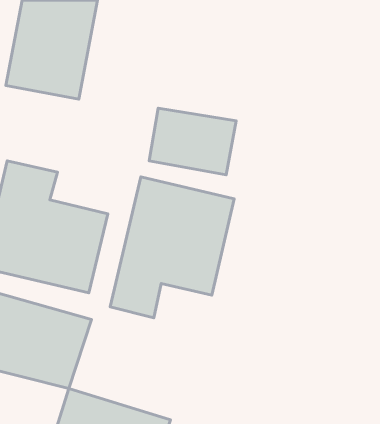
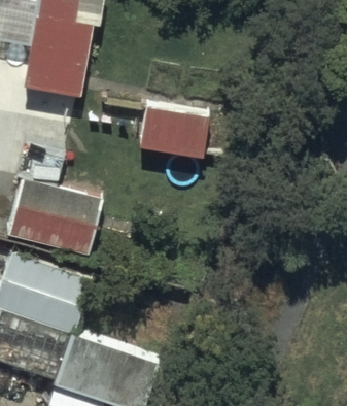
building: [110,177,234,318] -> none

